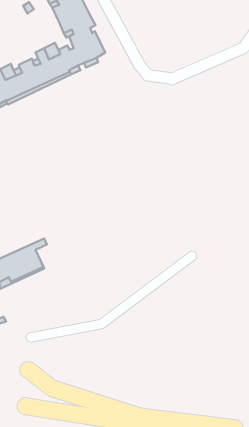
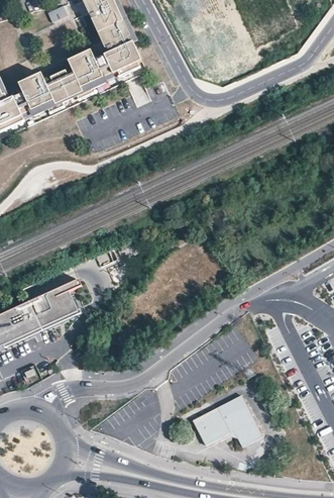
building: none -> [192,392,262,443]

